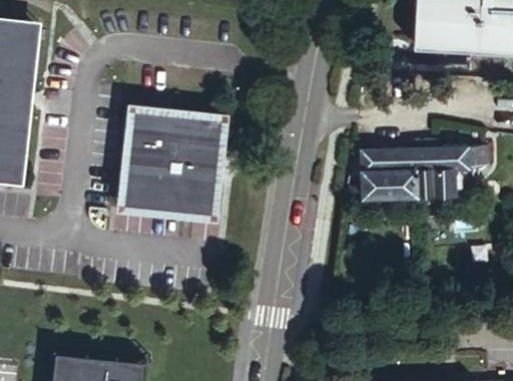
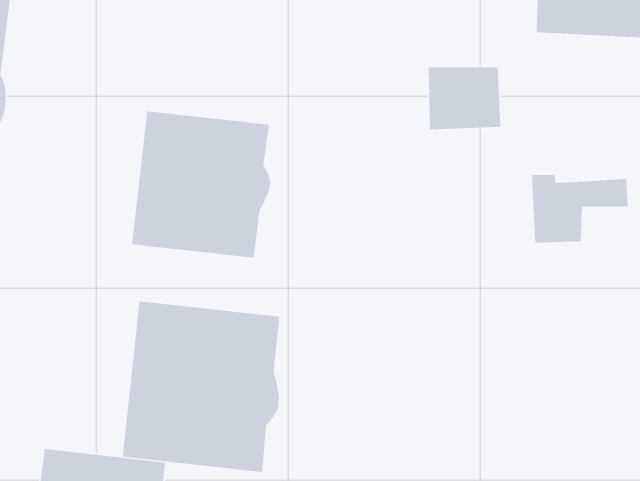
building: [360,158,413,205] -> [428,67,501,130]
building: none -> [122,301,280,473]

